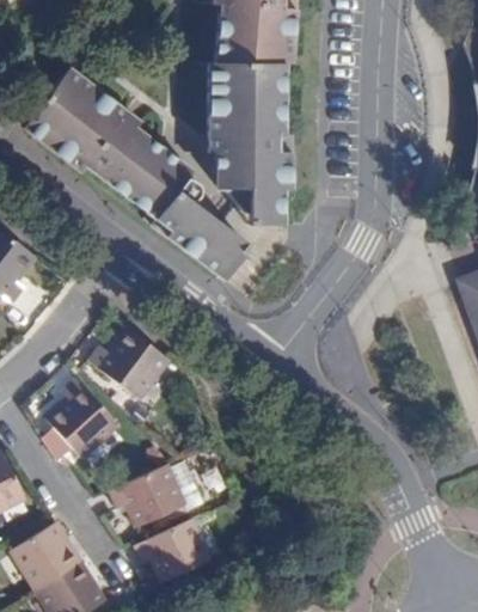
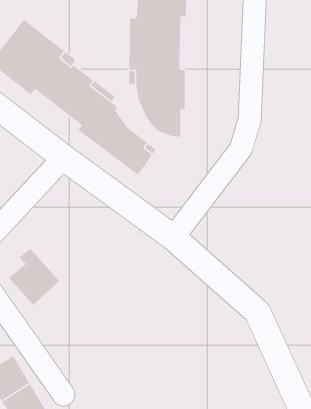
building: [88,330,170,400] -> none
building: [110,464,184,526] -> none
building: [136,519,210,581] -> none

